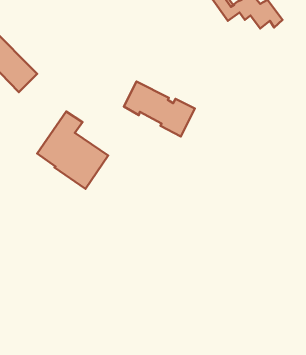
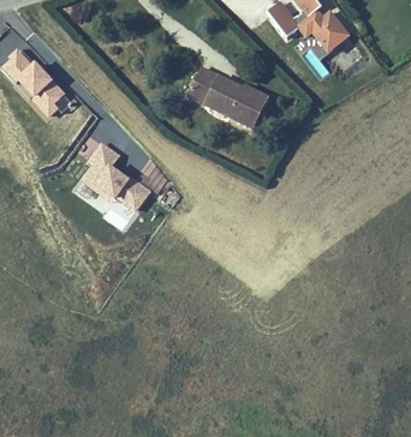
building: [124,82,195,137] -> [185,64,264,125]

